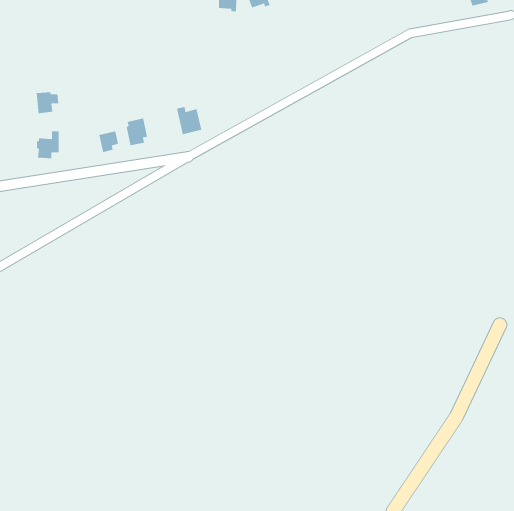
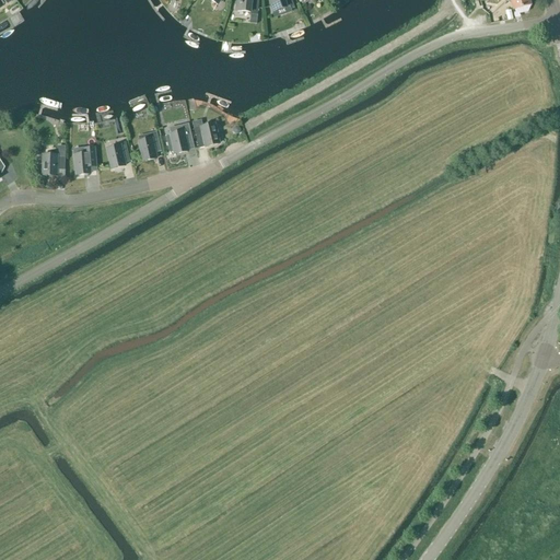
building: [36,92,59,114] -> [72,149,97,173]
building: none -> [165,121,194,152]

